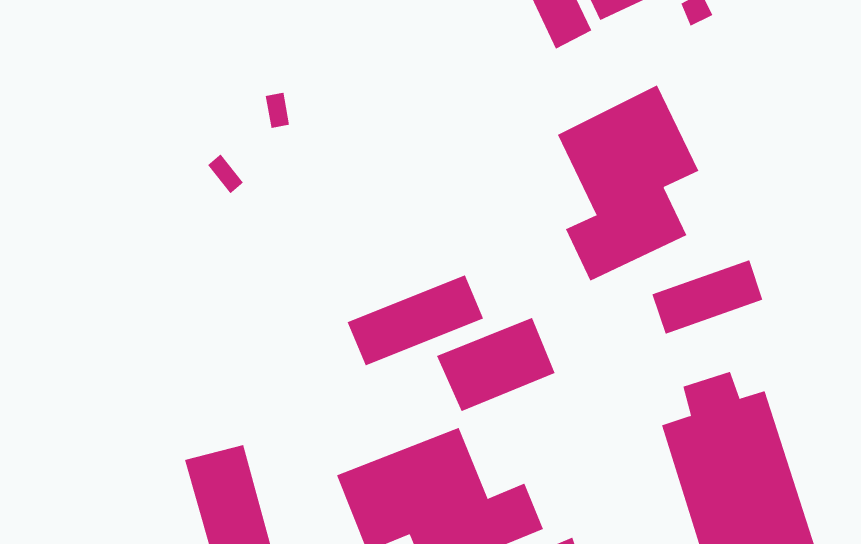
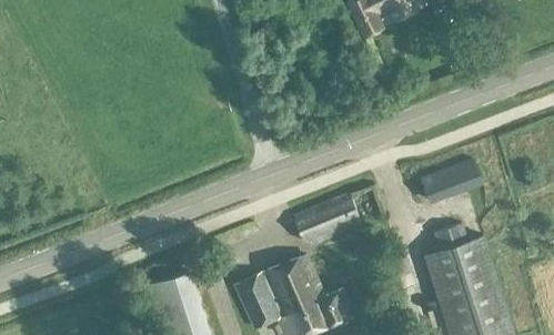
building: [557,84,699,281] -> none
building: [347,274,484,366] -> none

